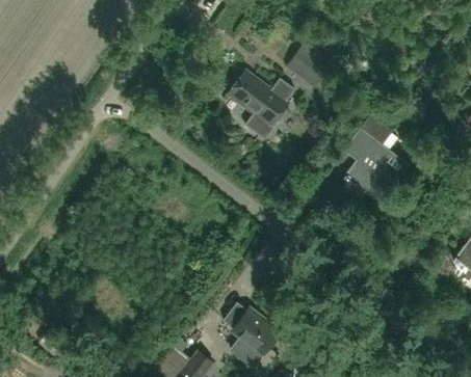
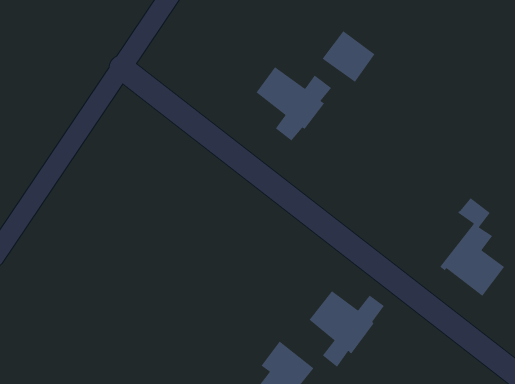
building: [345,117,402,204] -> [439,197,505,297]
building: none -> [308,290,385,368]

